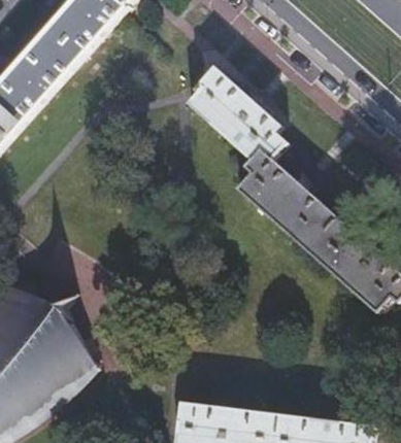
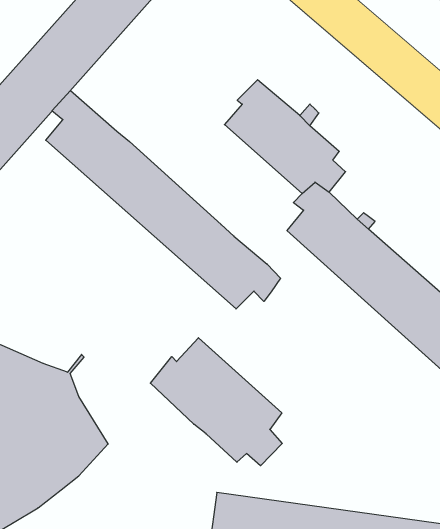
building: none -> [46,90,281,309]
building: none -> [150,338,282,466]

